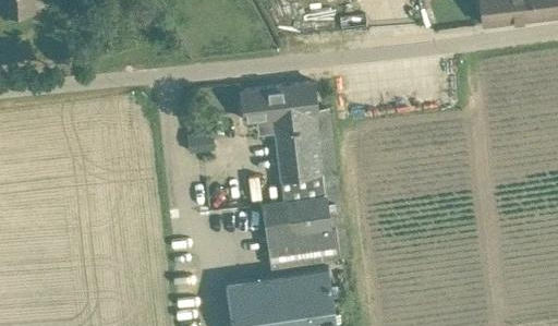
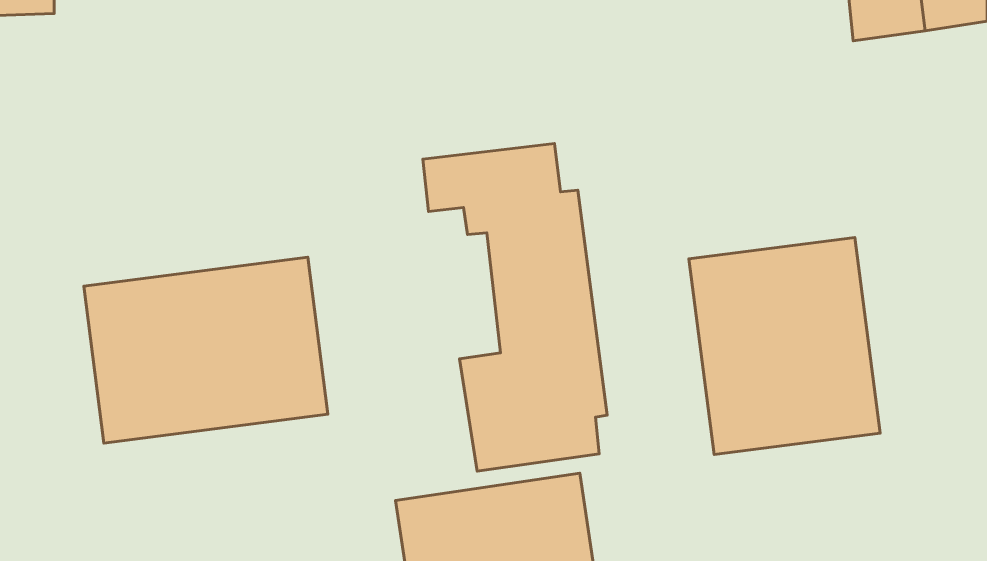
building: none -> [689,238,880,455]
building: none -> [84,257,328,443]

